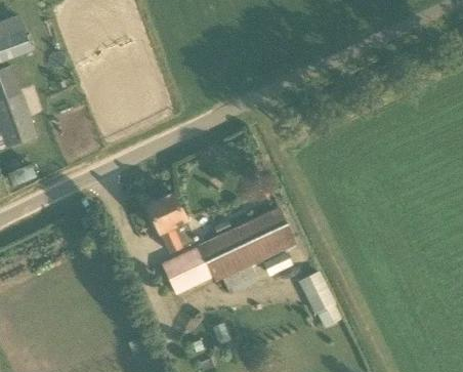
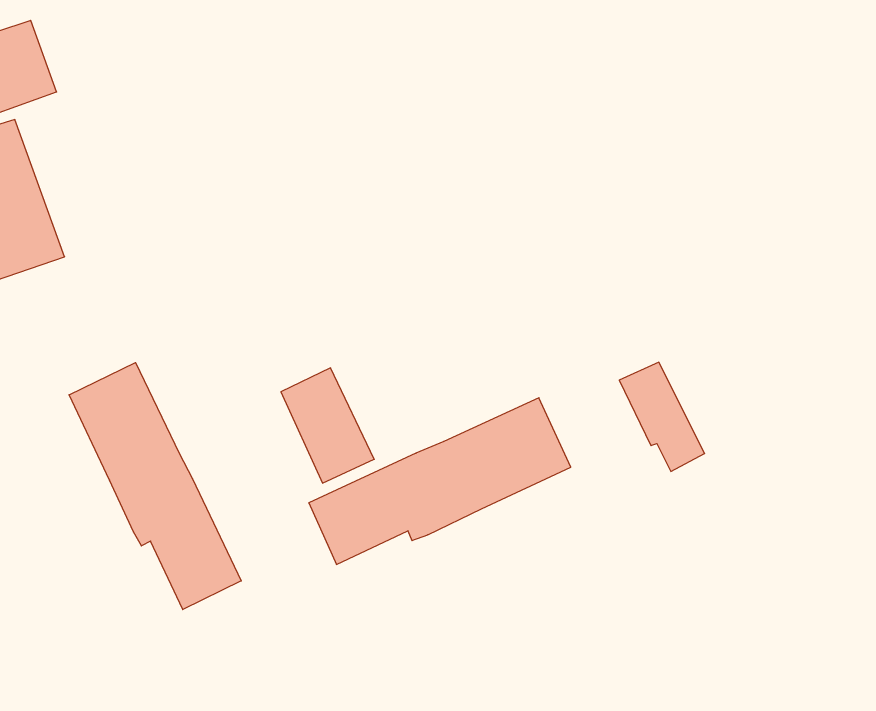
building: none -> [69,363,241,610]
building: [297,271,341,327] -> [619,362,705,471]

